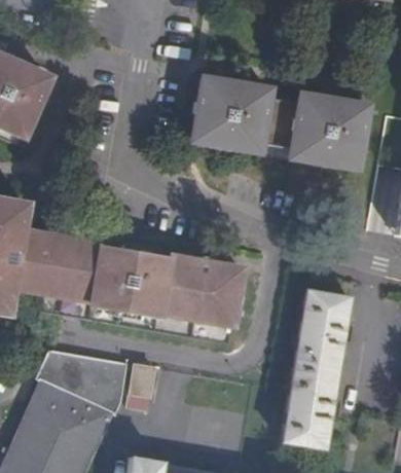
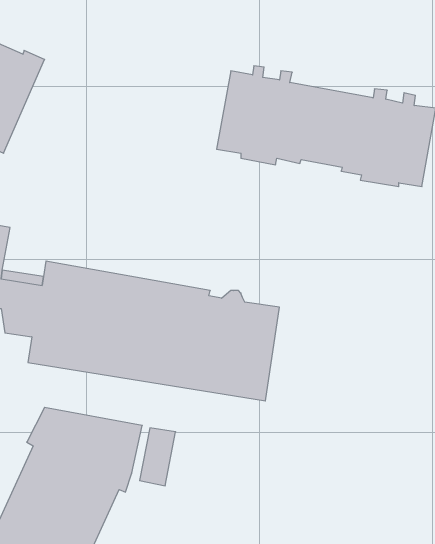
building: [281,289,354,451] -> none

